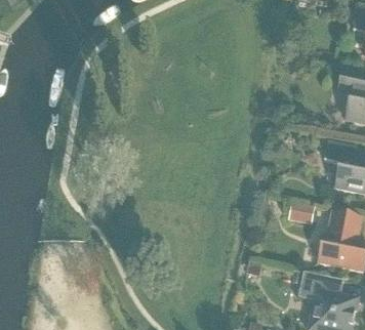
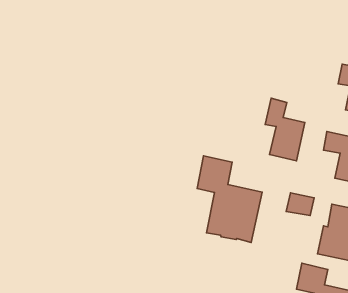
building: none -> [265,98,305,161]
building: none -> [197,156,262,242]

